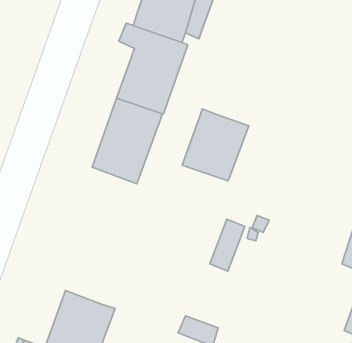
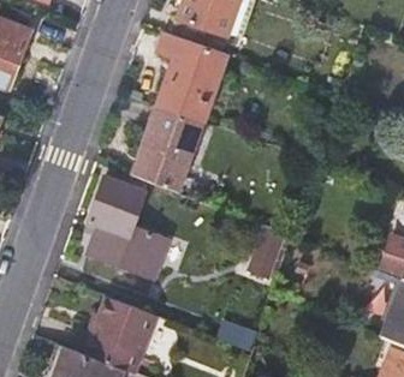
building: [182,109,249,181] -> none
building: none -> [87,176,166,276]

